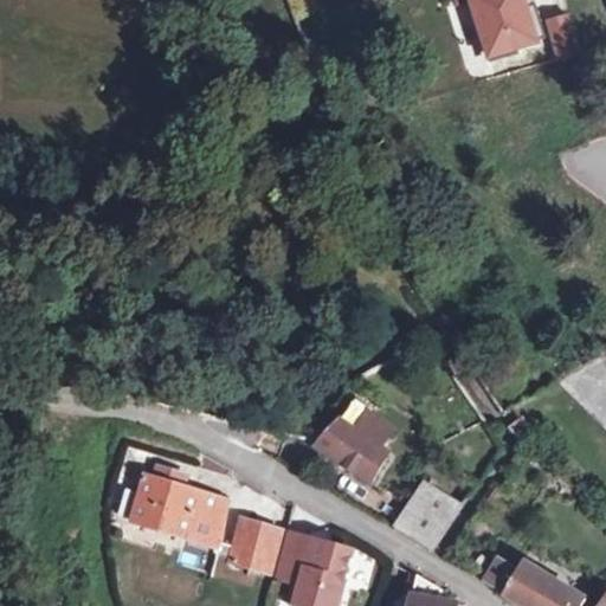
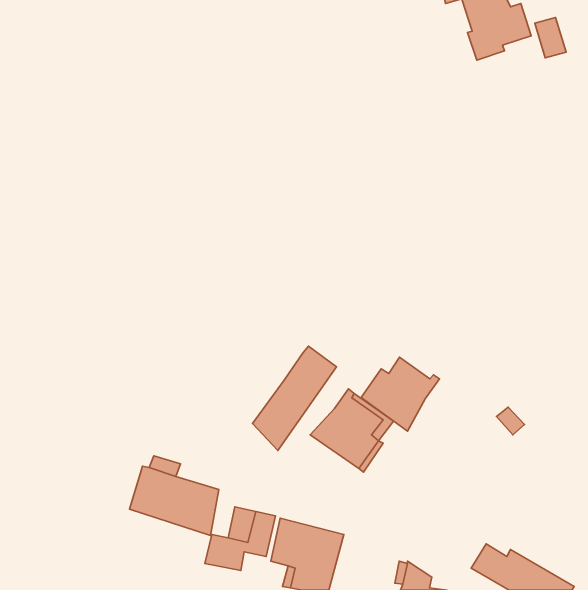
building: none -> [253,346,336,451]
building: none -> [361,357,440,431]
building: [391,482,458,550] -> none

